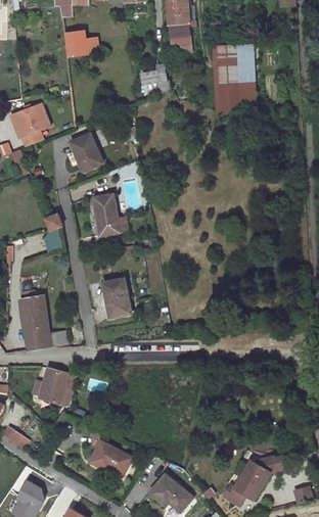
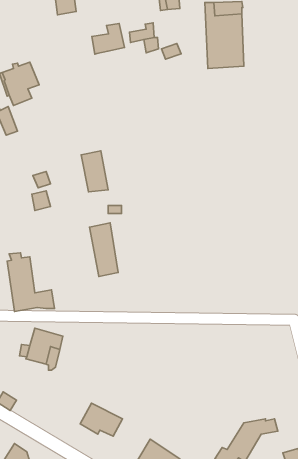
building: none -> [92,24,125,54]
building: [70,133,103,172] -> none

